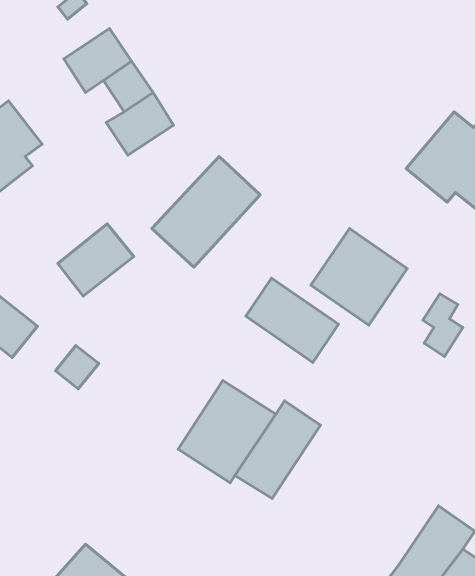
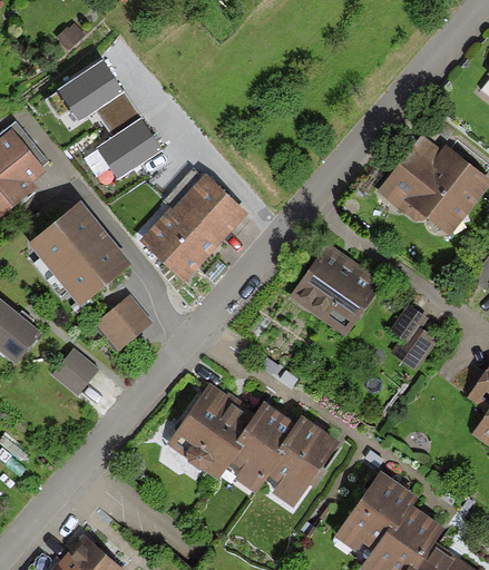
building: none -> [31,208,101,276]
building: [246,278,339,362] -> none
building: none -> [96,297,149,350]
building: none -> [266,421,335,509]
building: none -> [336,469,413,554]

